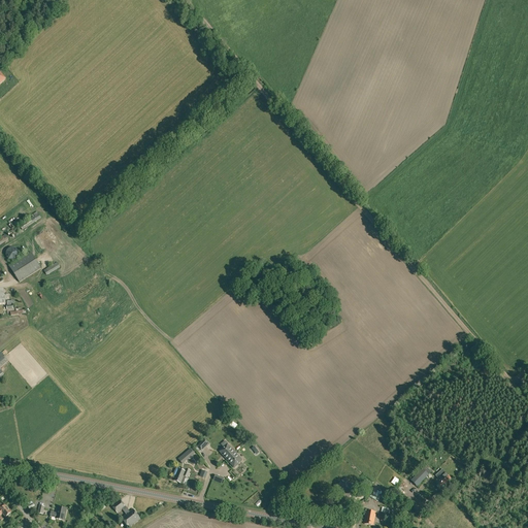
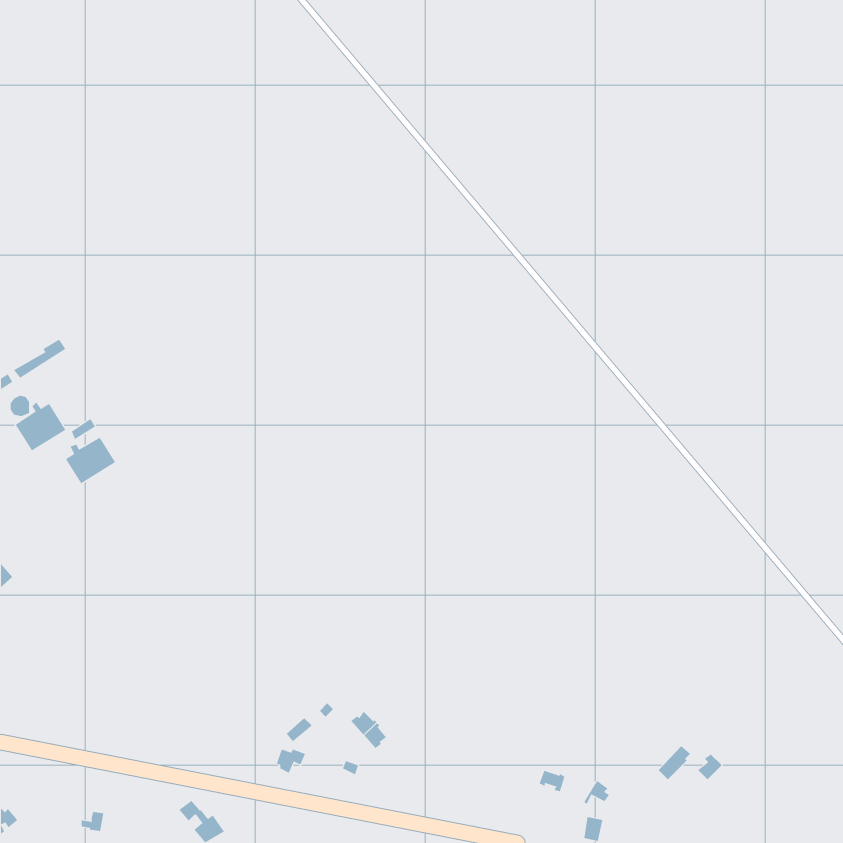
building: none -> [65,437,116,484]

